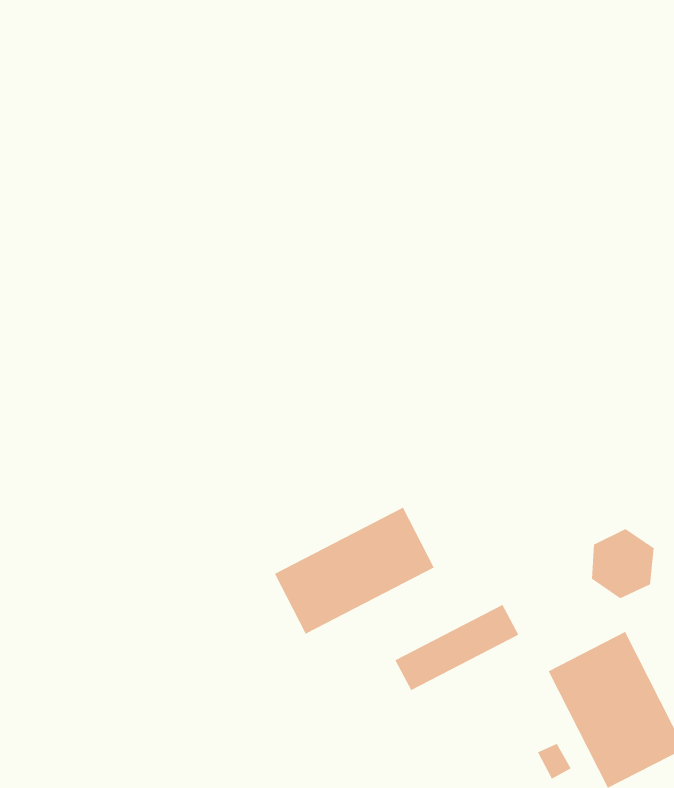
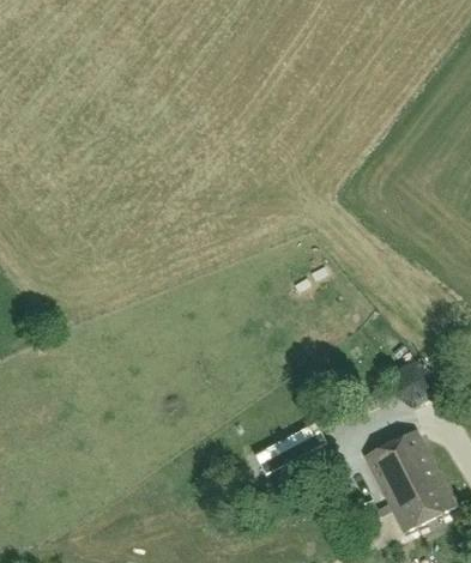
building: [274,507,435,635] -> none

